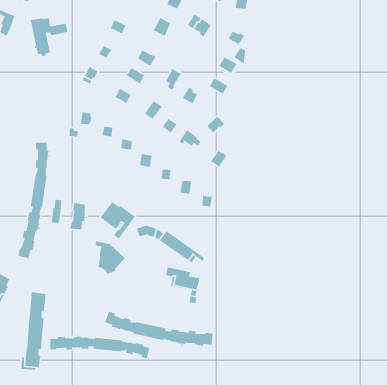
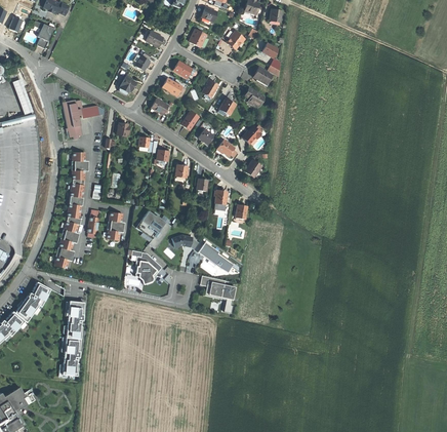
building: [30,18,68,57] -> [63,101,100,140]
building: [104,310,214,348] -> none
building: [49,334,150,359] -> none

